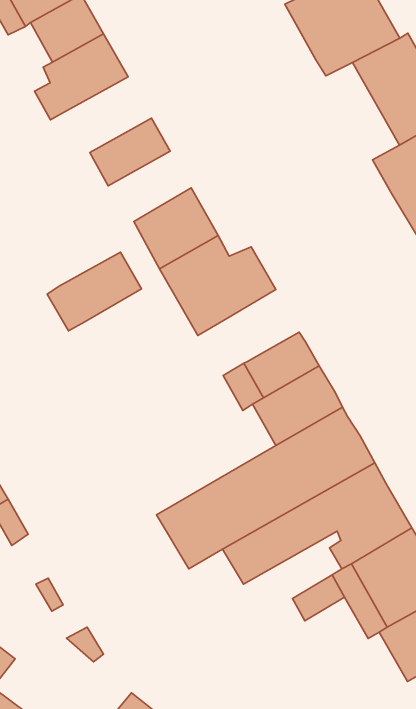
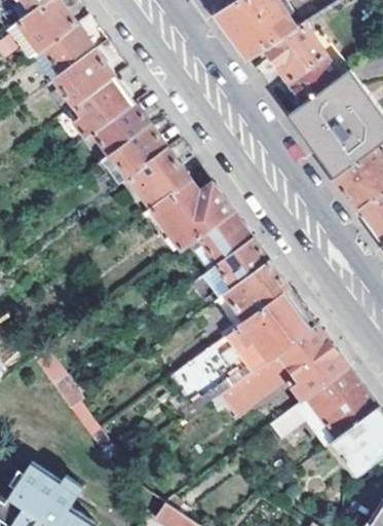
building: none -> [67,77,132,138]
building: [47,252,142,331] -> [101,125,165,184]
building: none -> [198,213,252,265]

